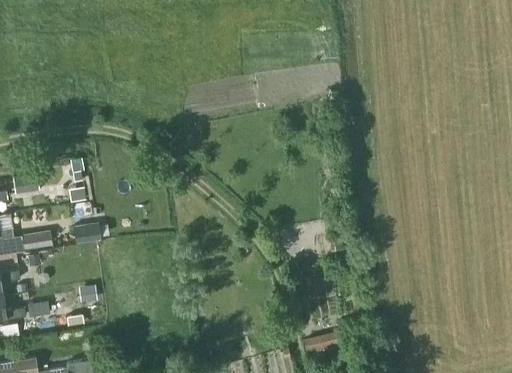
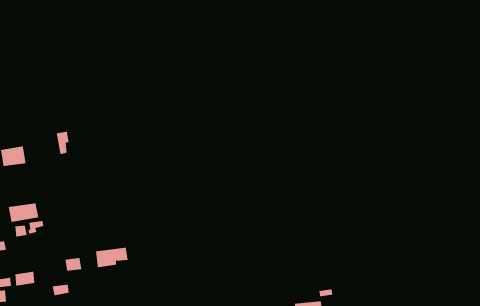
building: [74,223,108,244] -> [95,247,128,268]

